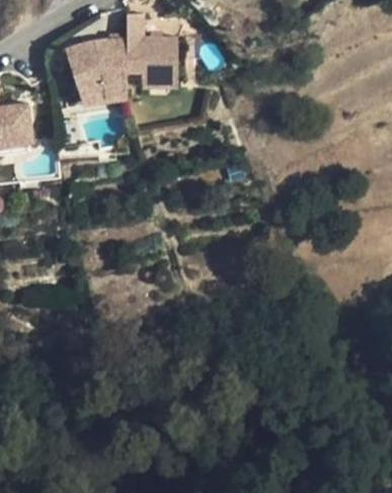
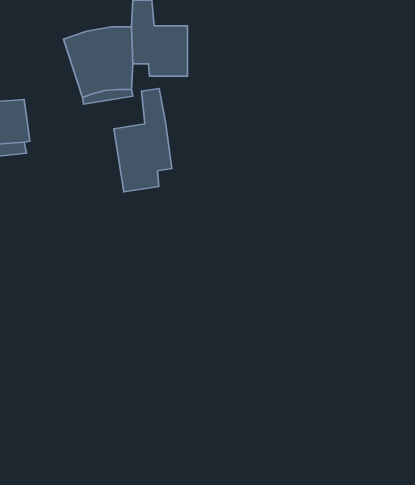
building: none -> [114,88,172,192]

